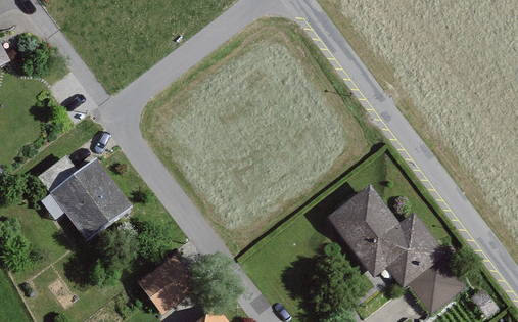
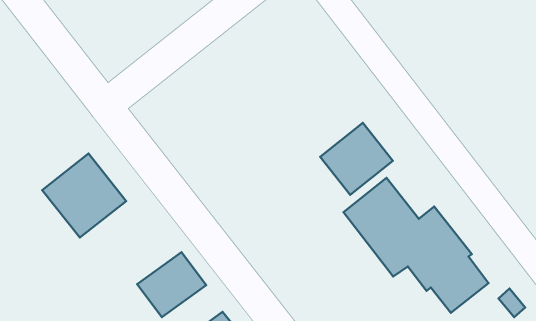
building: none -> [320,123,393,195]

